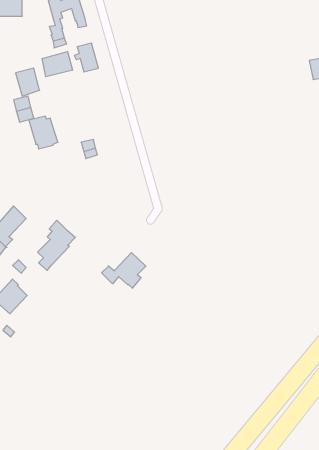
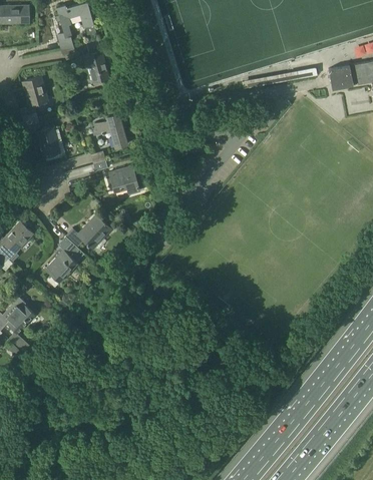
building: [42,52,73,77] -> none
building: none -> [92,111,127,147]
building: none -> [108,165,139,194]
building: [102,253,146,288] -> [65,214,111,252]

